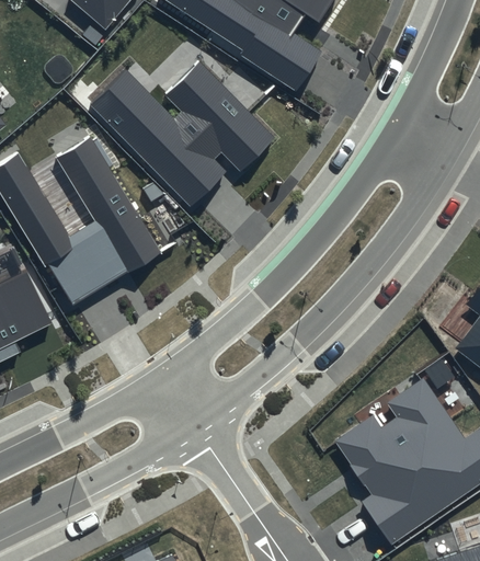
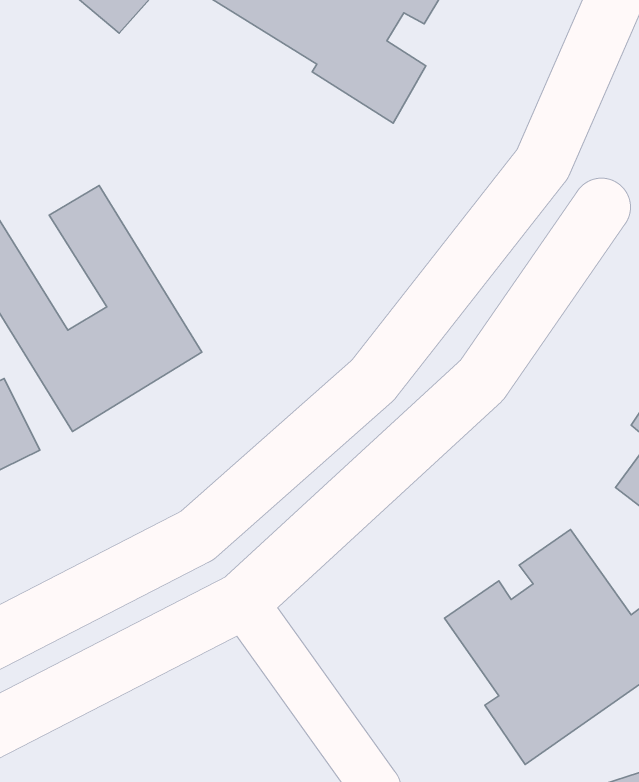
building: [92,61,275,206] -> none

